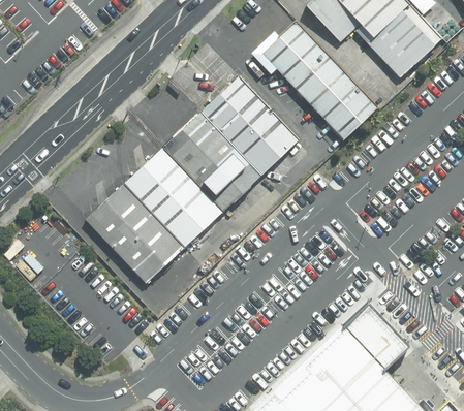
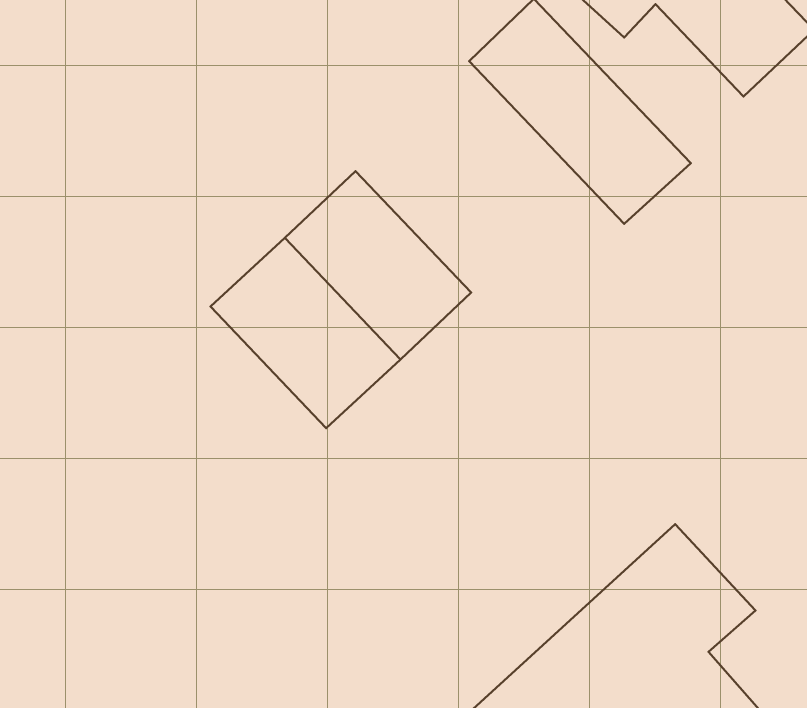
building: [200,77,300,177] -> none
building: [85,184,185,284] -> none

